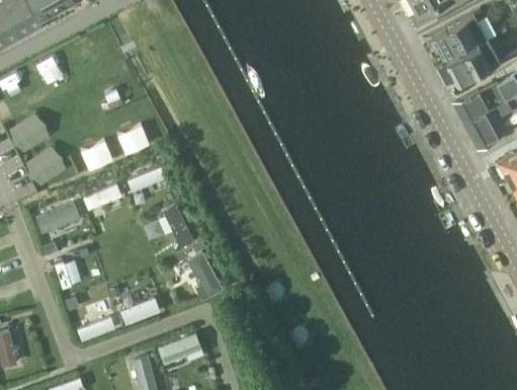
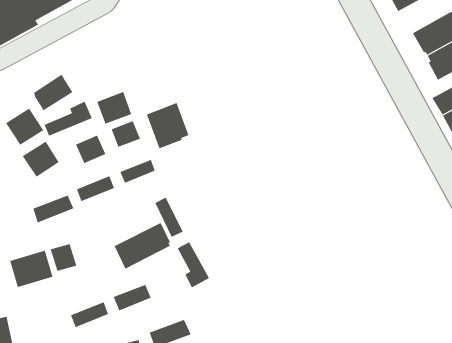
building: none -> [33,74,73,111]
building: none -> [97,91,132,125]
building: none -> [44,101,93,137]
building: none -> [146,102,189,149]
building: none -> [114,222,171,269]
building: none -> [10,250,53,288]

